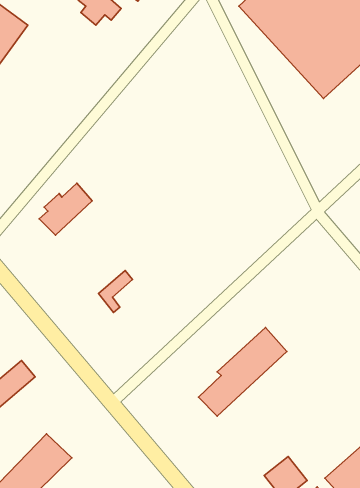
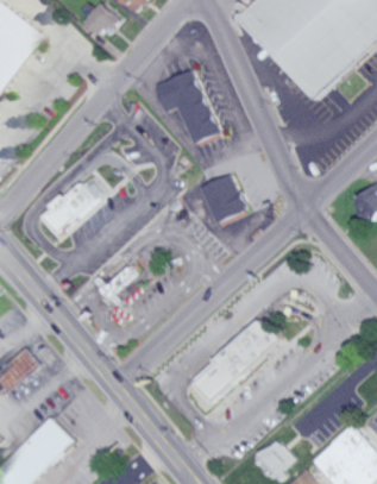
building: none -> [155,69,218,142]
building: none -> [200,174,245,222]

